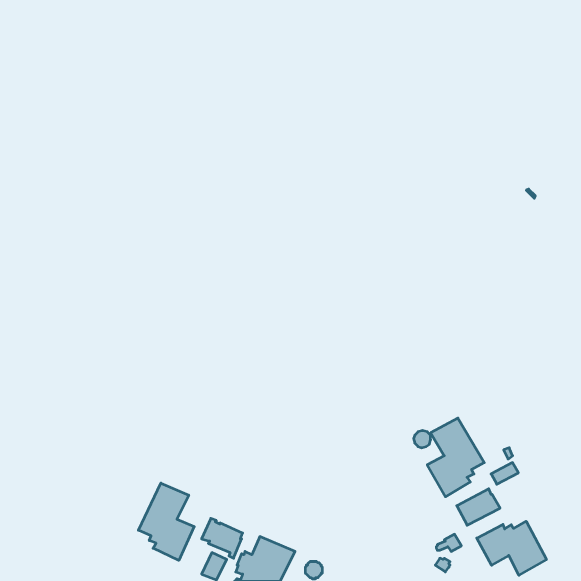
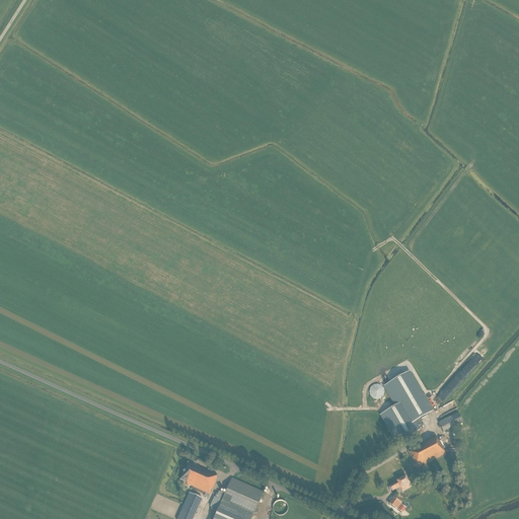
building: [138,483,194,560] -> none
building: [477,521,546,575] -> none

